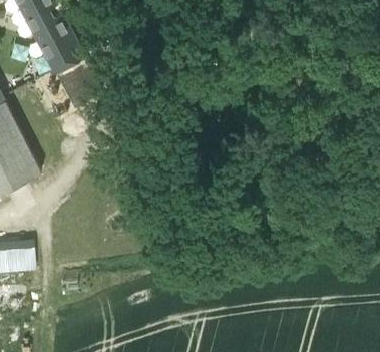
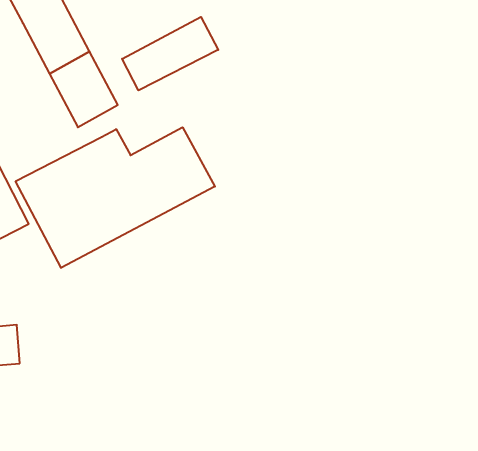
building: none -> [122,17,218,90]
building: none -> [16,127,215,268]

